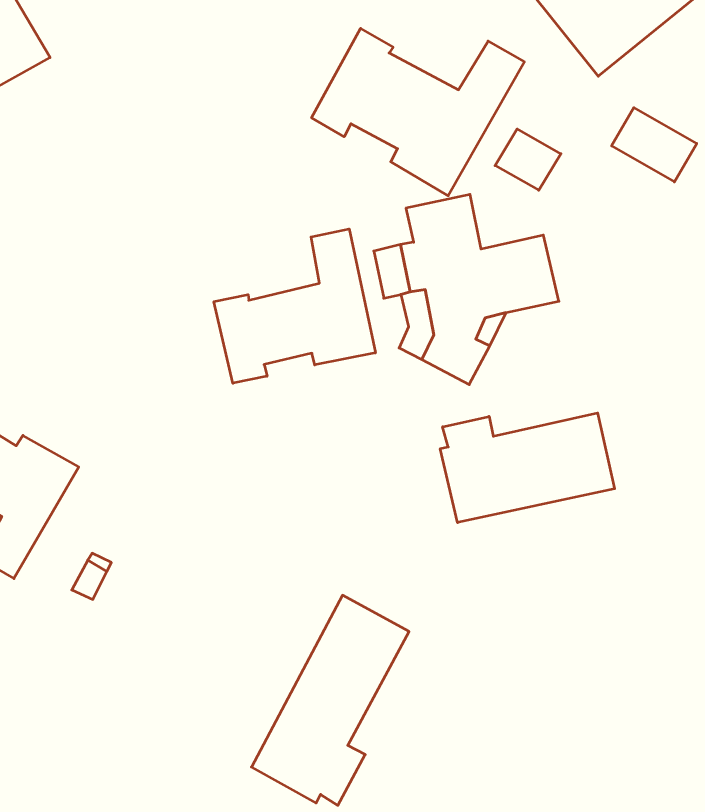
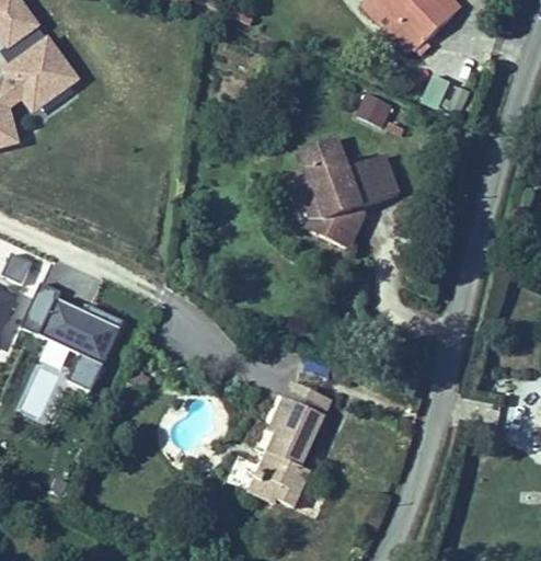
building: [312,28,524,196] -> none
building: [214,229,375,383] -> none
building: [440,413,615,523] -> none

